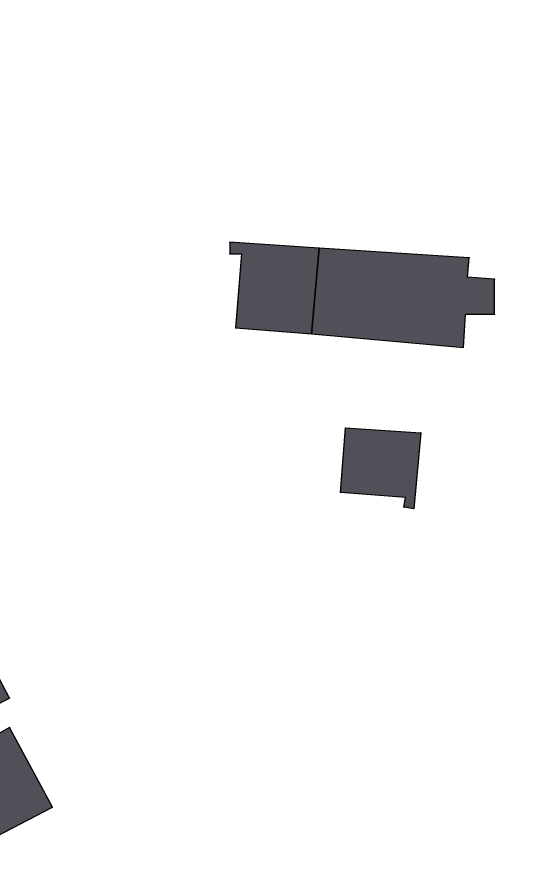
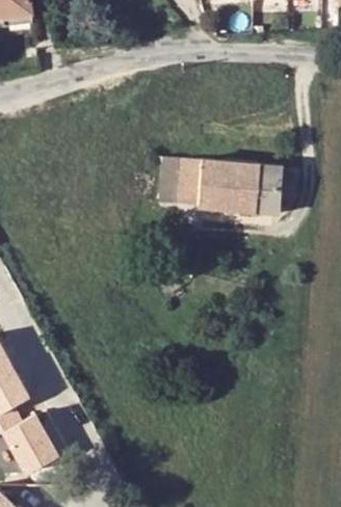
building: [340,428,421,509] -> none

